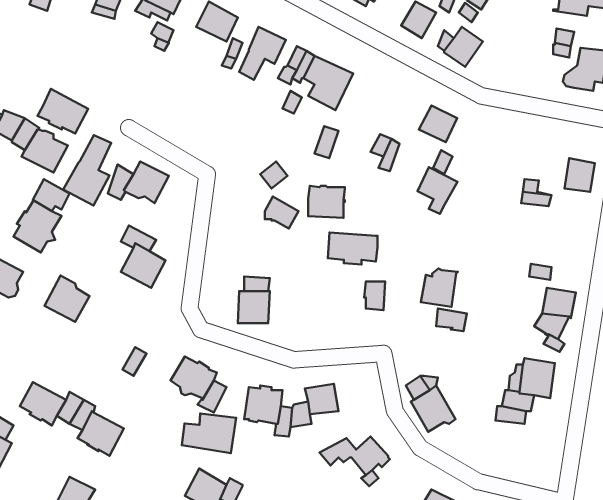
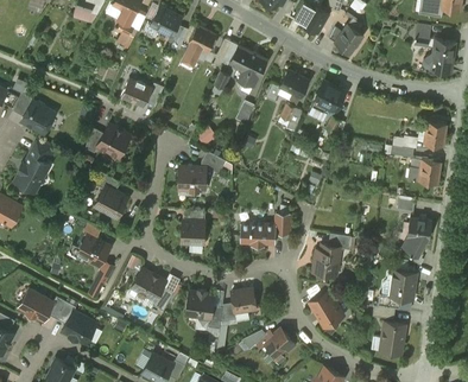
building: [37,89,88,133] -> none
building: none -> [119,72,166,106]
building: [63,135,111,205] -> none
building: [418,167,458,214] -> [279,70,309,104]
building: [308,186,345,218] -> [178,166,205,190]
building: none -> [407,160,439,185]
building: [328,233,378,265] -> [239,223,276,247]
building: [421,269,458,307] -> [312,246,340,274]
building: [45,276,89,322] -> [76,231,109,266]
building: [182,414,236,453] -> none
building: none -> [380,321,404,354]

